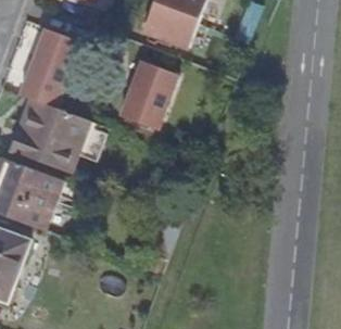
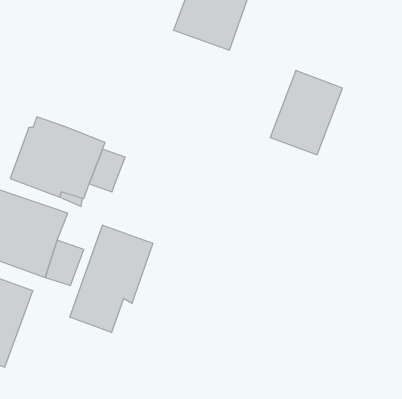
building: [21,35,77,106] -> none
building: [121,60,179,128] -> [270,71,342,155]
building: none -> [70,225,153,333]

